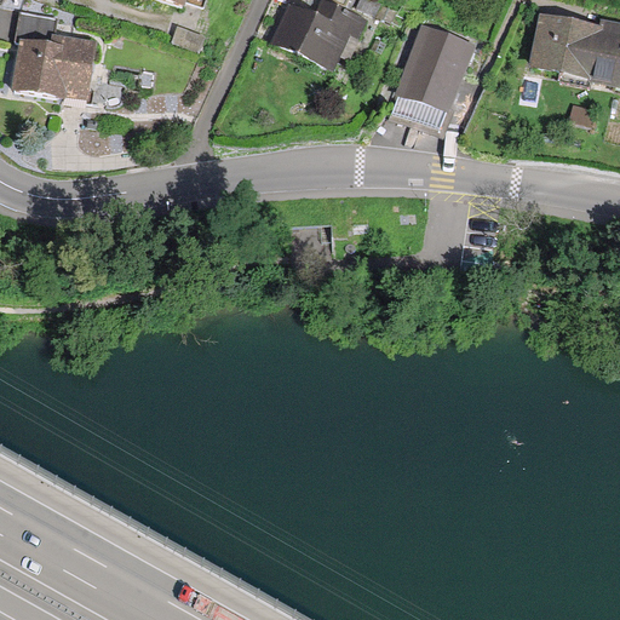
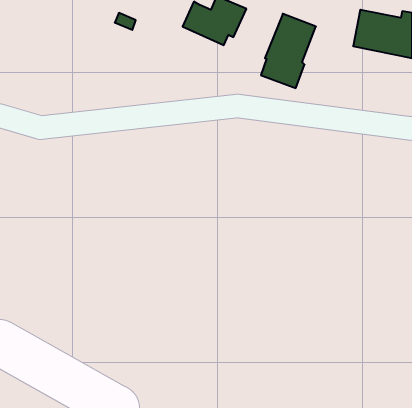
building: [10,7,96,97] -> none

